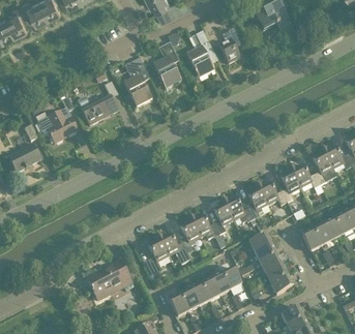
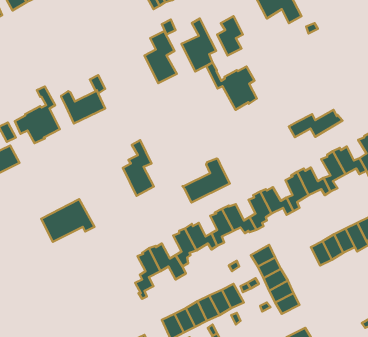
building: [123,57,151,107] -> [123,140,154,196]
building: none -> [207,62,257,110]
building: none -> [289,110,343,137]
building: none -> [183,158,230,202]
building: [85,261,132,299] -> [41,199,94,242]

